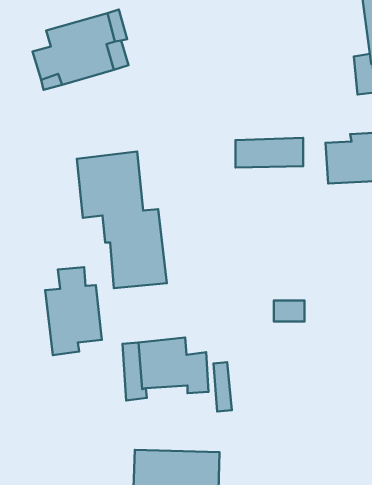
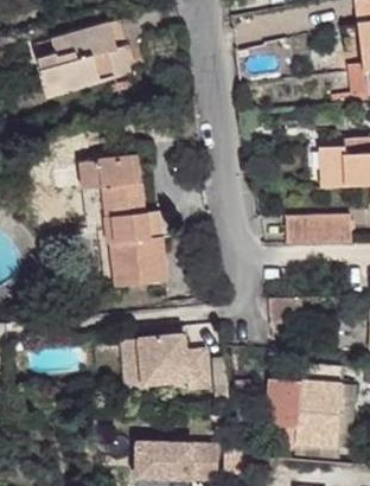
building: [235,138,303,167] -> [286,213,351,242]
building: [45,267,102,355] -> none
building: none -> [268,362,343,448]

